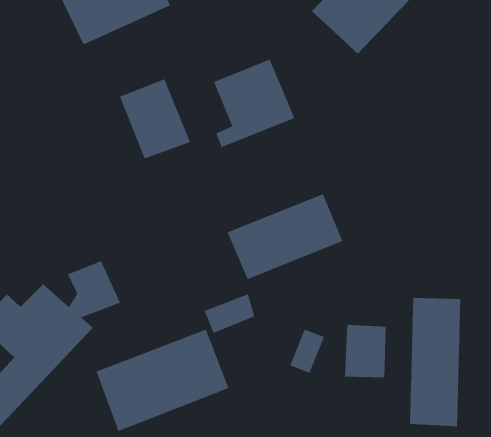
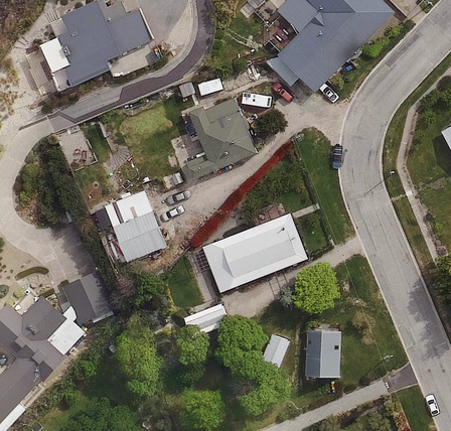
building: [119,78,191,159] -> [103,190,166,262]
building: [409,297,461,427] -> none
building: [96,329,229,432] -> none

